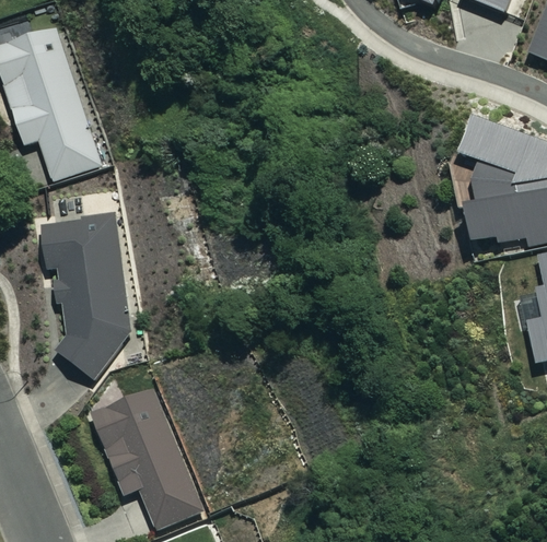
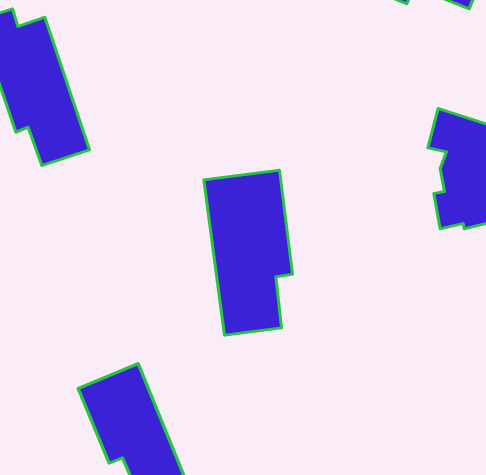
building: none -> [204,170,292,335]
building: [42,214,127,376] -> none

